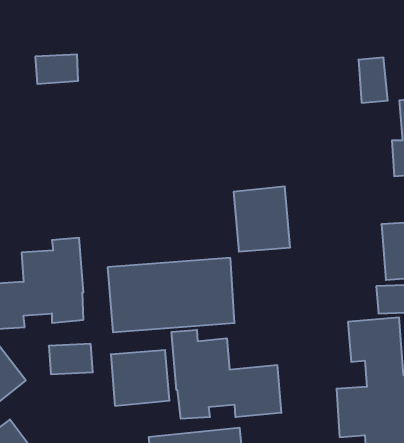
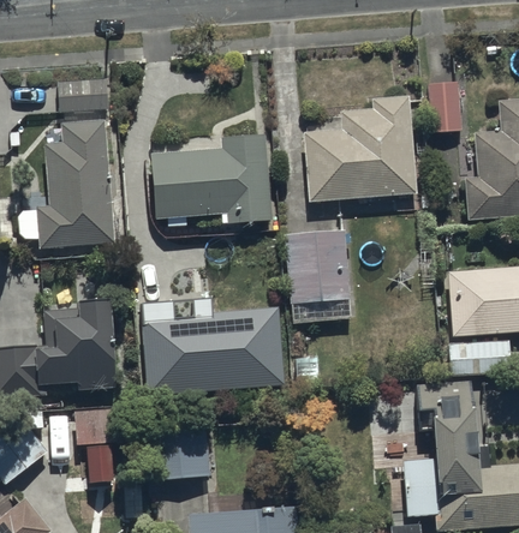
building: none -> [304,97,416,203]
building: none -> [37,120,114,250]
building: none -> [150,133,272,223]
building: [172,330,281,419] -> none

